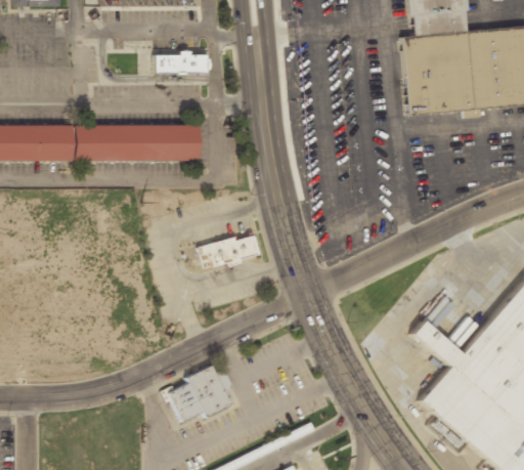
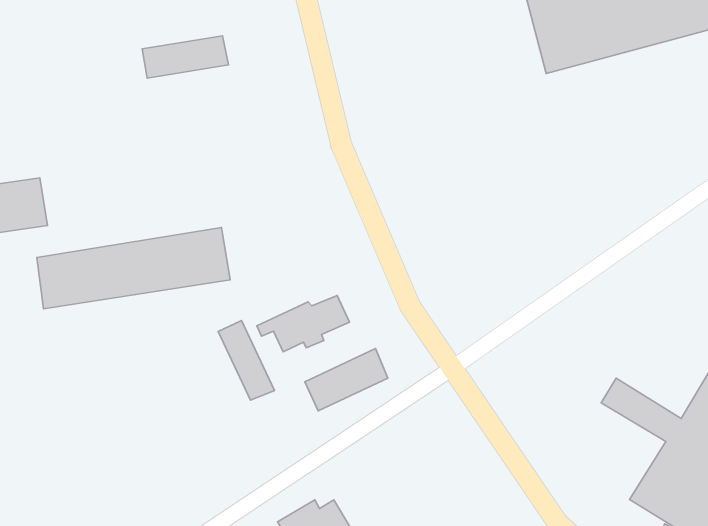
building: [78,125,202,160] -> [37,228,230,309]
building: none -> [218,320,274,400]
building: none -> [305,349,388,411]

